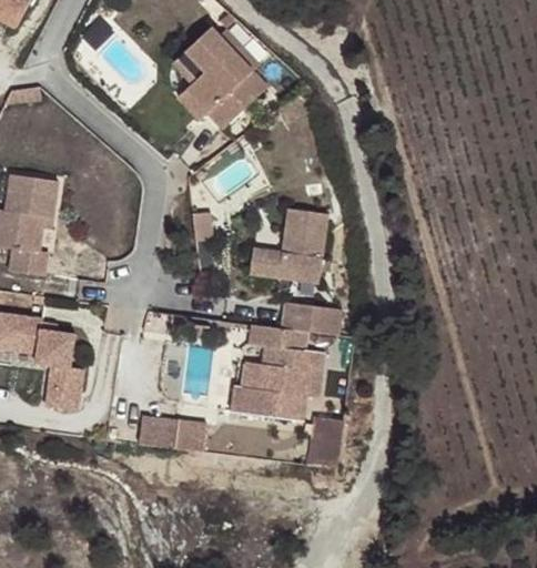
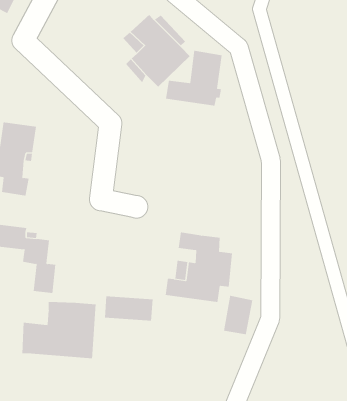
building: [249,207,327,284] -> [165,50,223,106]
building: [281,303,342,337] -> none
building: none -> [22,301,96,359]

